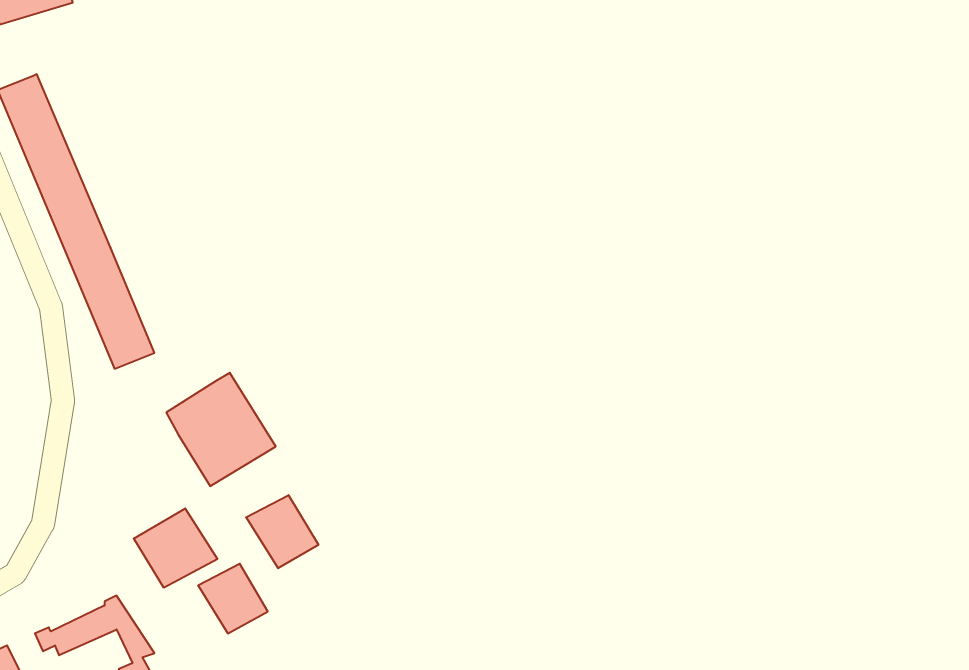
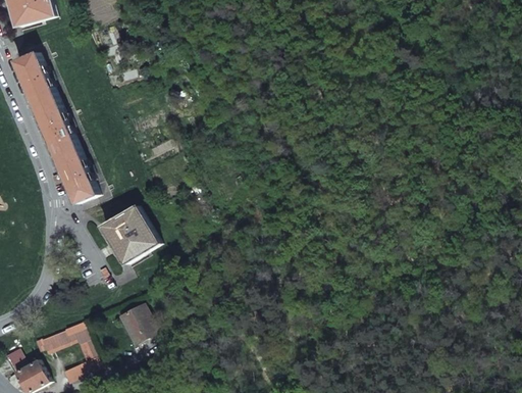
building: [246,495,318,568] -> none
building: [134,508,217,588] -> none

